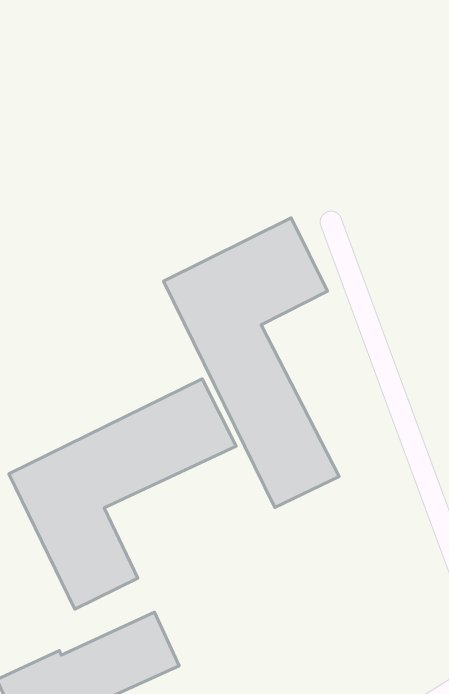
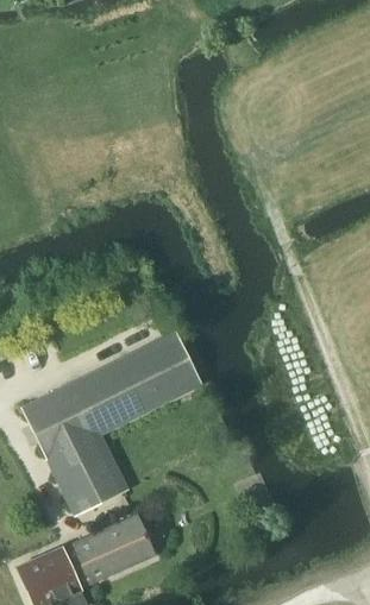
building: [163,218,339,507] -> none

